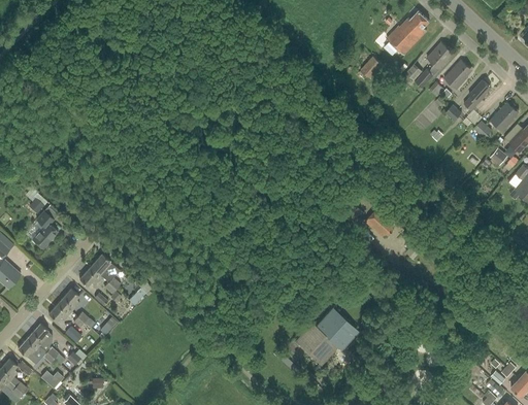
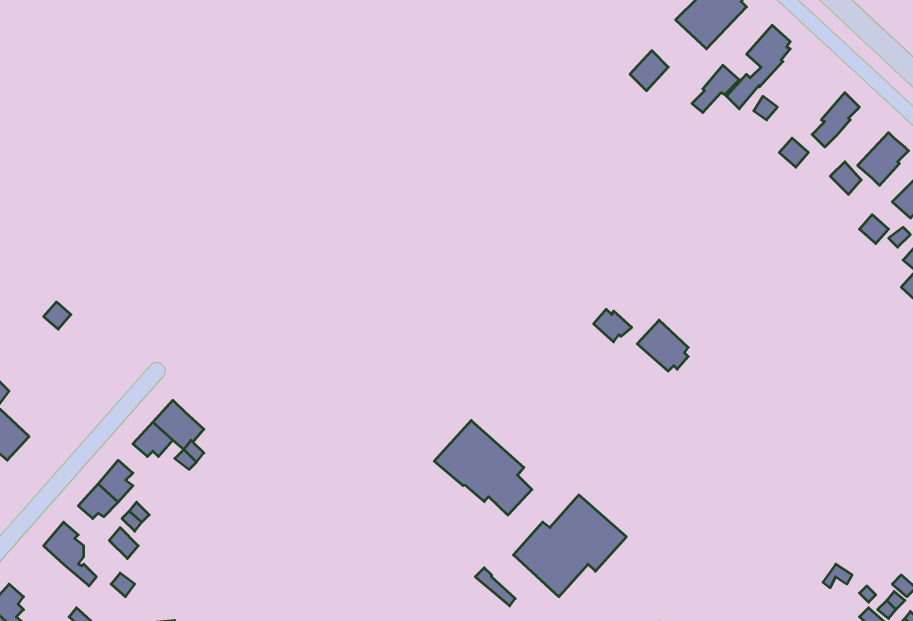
building: [444,59,470,90] -> none
building: [32,210,58,248] -> none
building: none -> [434,420,532,515]
building: [18,336,55,364] -> none

